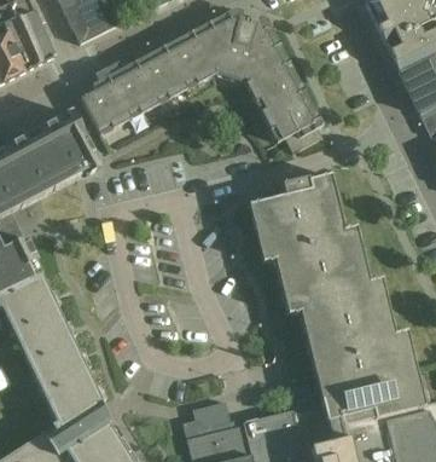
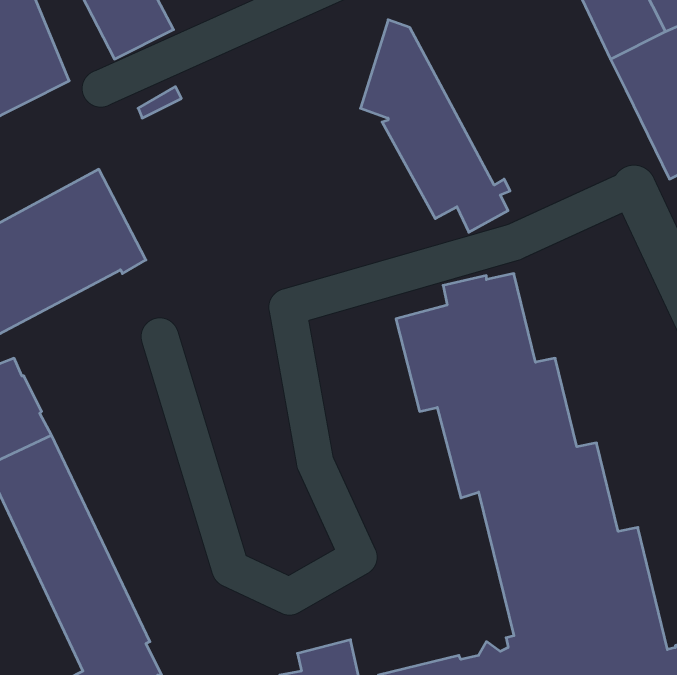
building: [80,16,248,134] -> none

